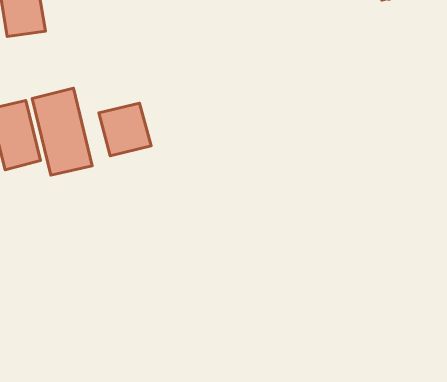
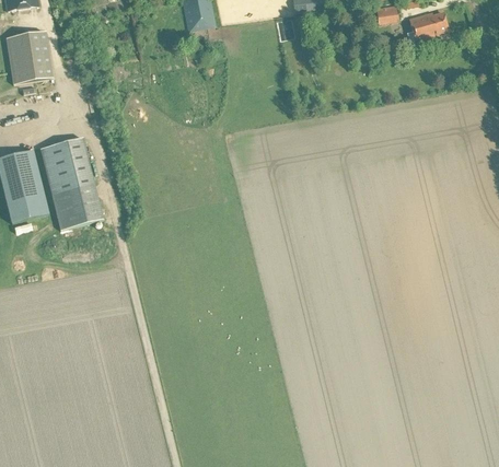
building: [99,103,151,156] -> none

